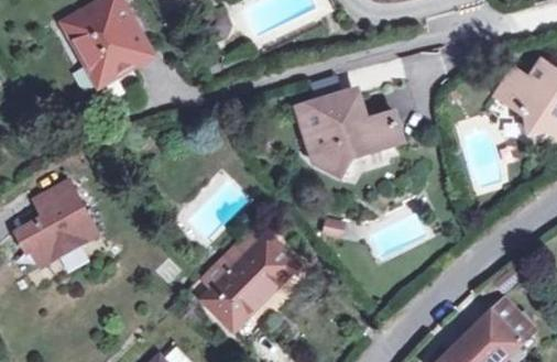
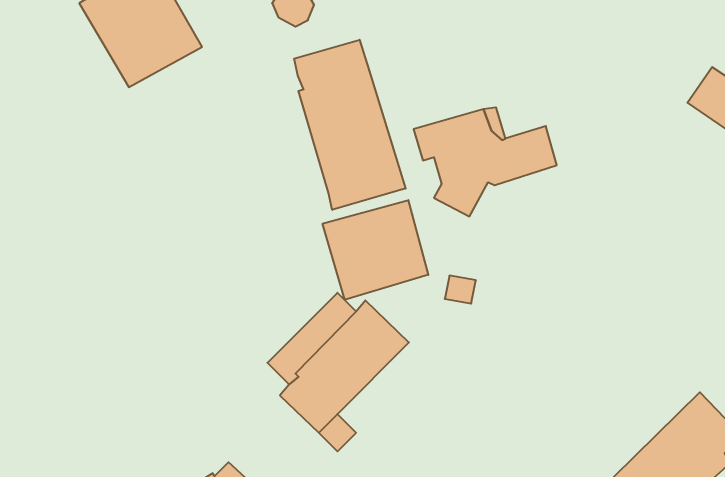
building: none -> [294,40,406,210]
building: none -> [323,200,428,300]
building: [21,180,98,265] -> none

